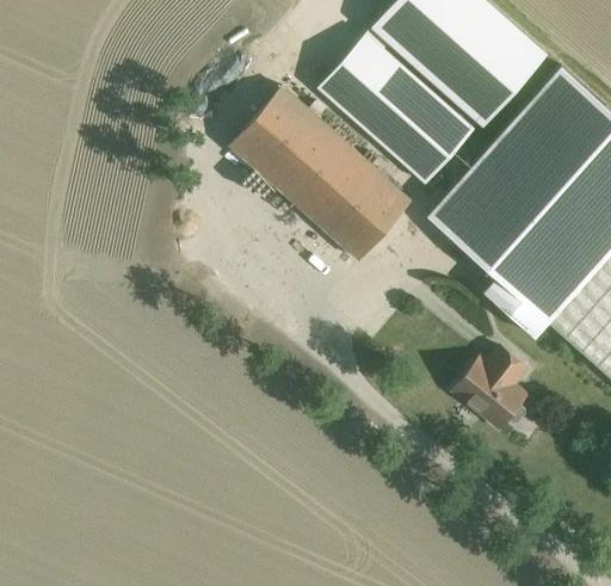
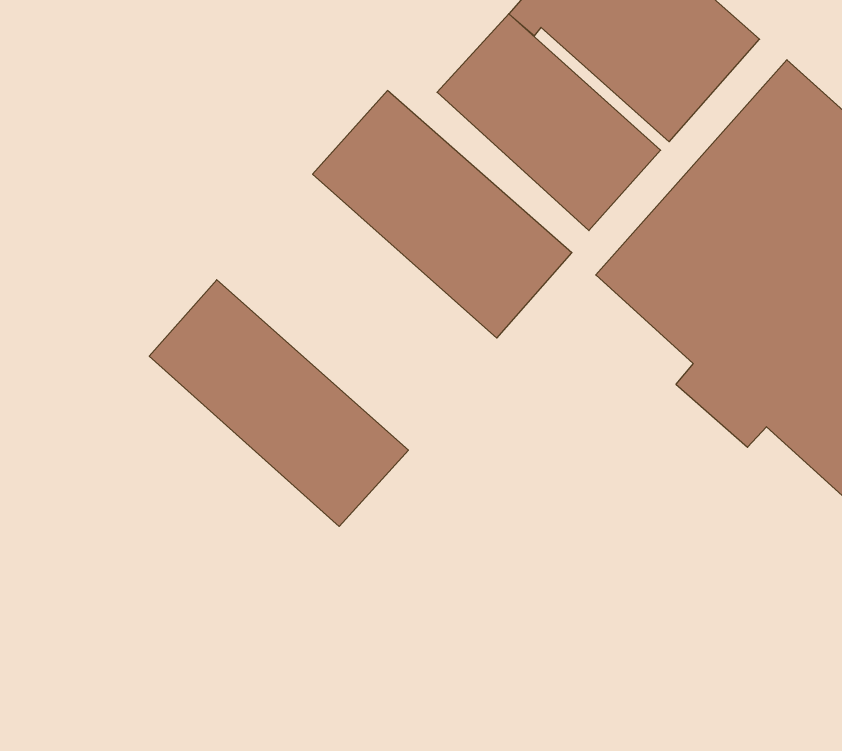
building: none -> [149,280,408,526]
building: [452,345,530,431] -> none

